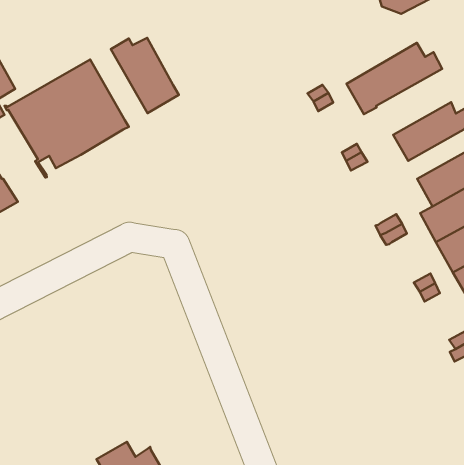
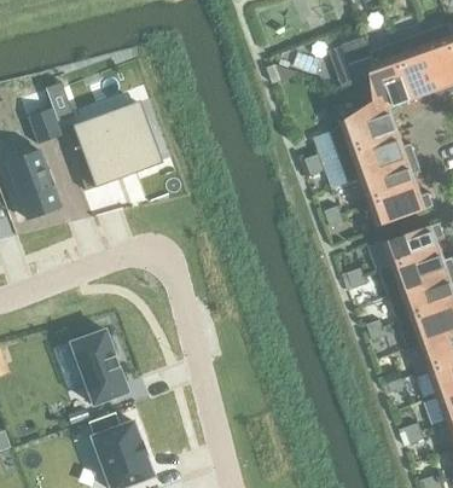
building: none -> [330,100,400,157]
building: [111,38,179,113] -> none
building: none -> [359,158,422,204]
building: none -> [69,330,126,405]

